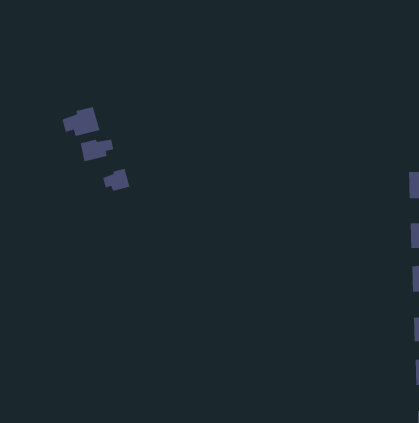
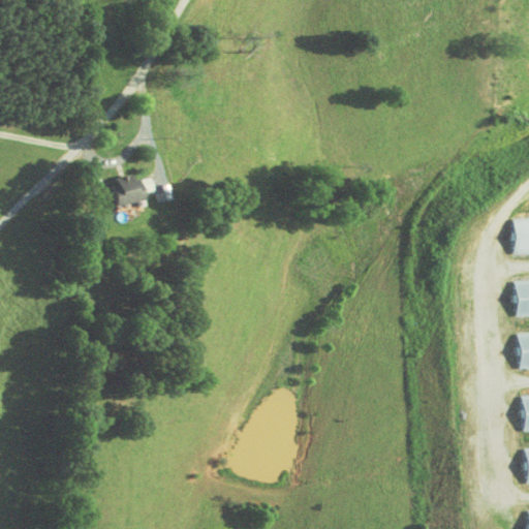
building: [61,106,100,137] -> none
building: [102,168,131,192] -> none

